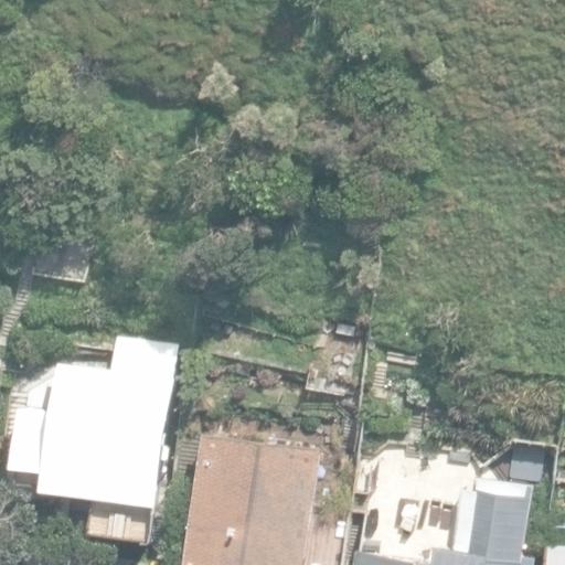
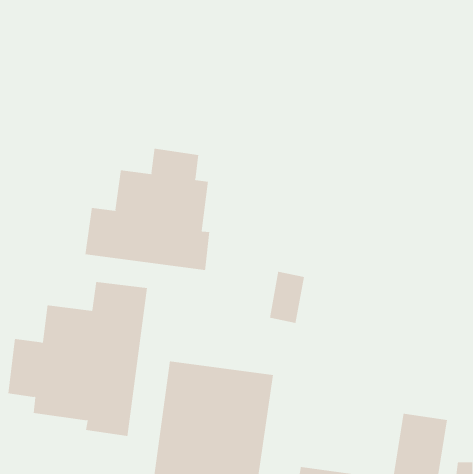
building: none -> [85,148,210,271]

